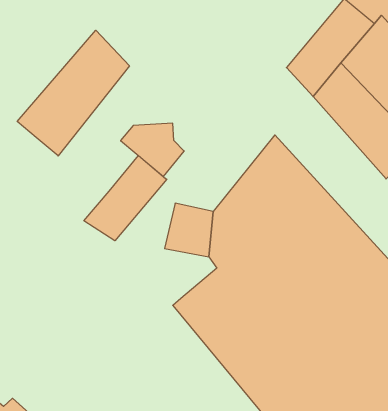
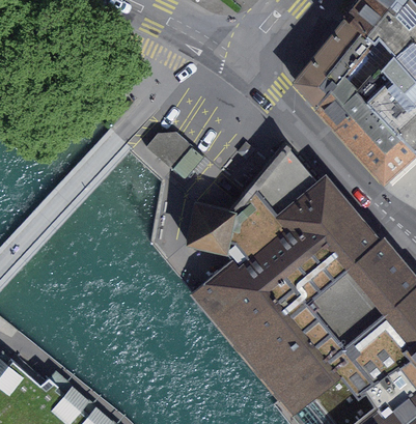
building: [17,30,129,156] -> none
building: [84,156,167,241] -> none

